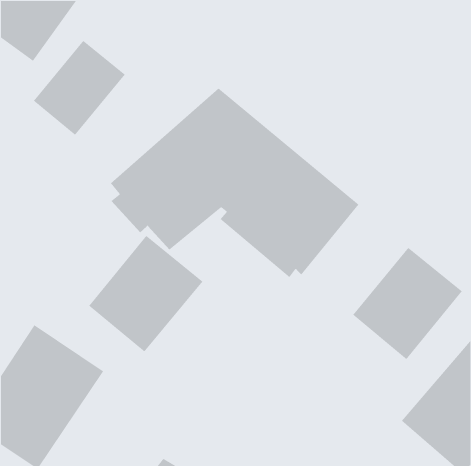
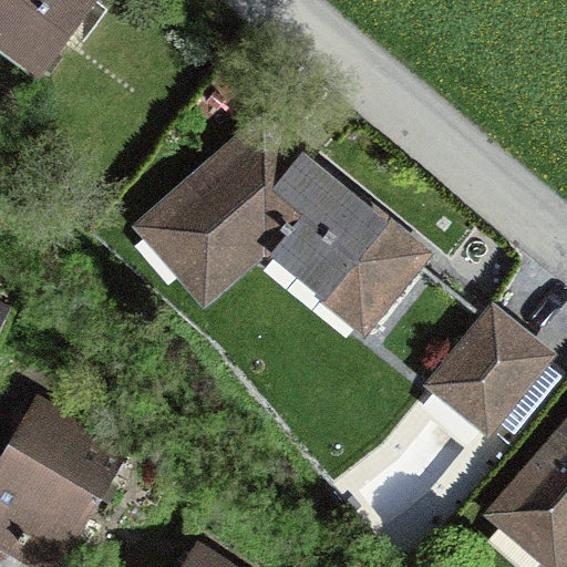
building: [33,40,126,136] -> none
building: [88,235,204,353] -> none

